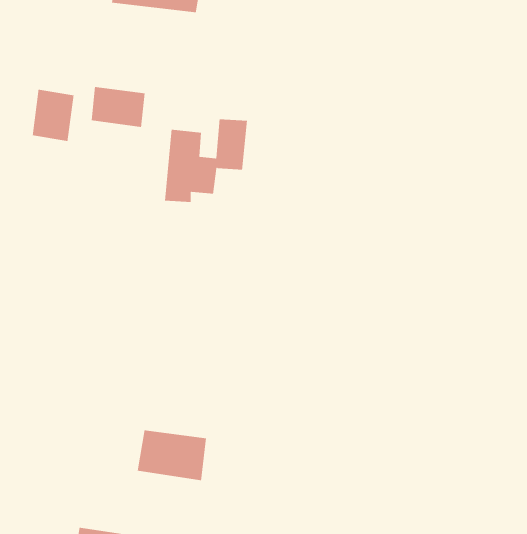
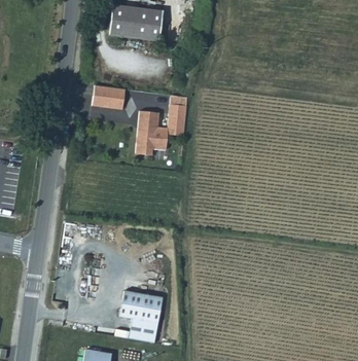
building: [32,89,74,142] -> none

